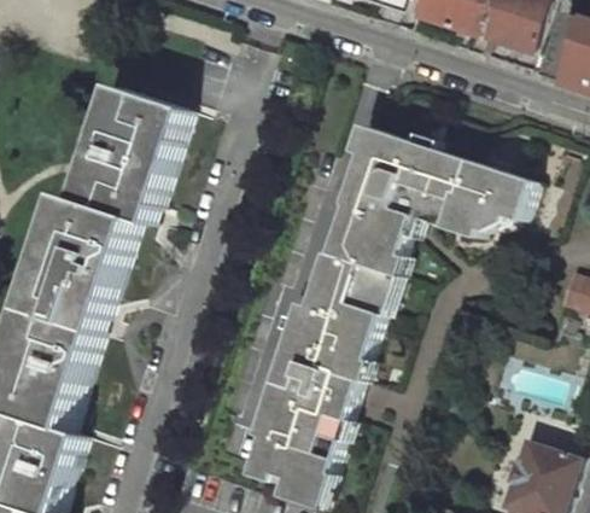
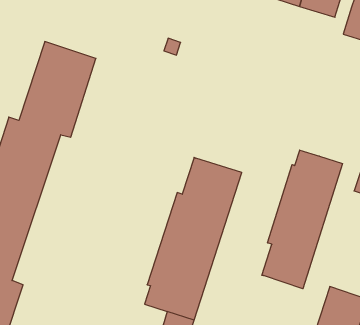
building: [333,128,534,275] -> none
building: none -> [262,150,342,289]

